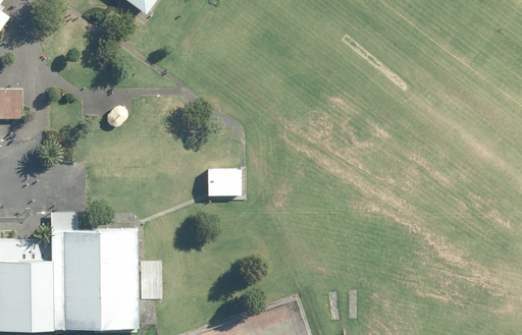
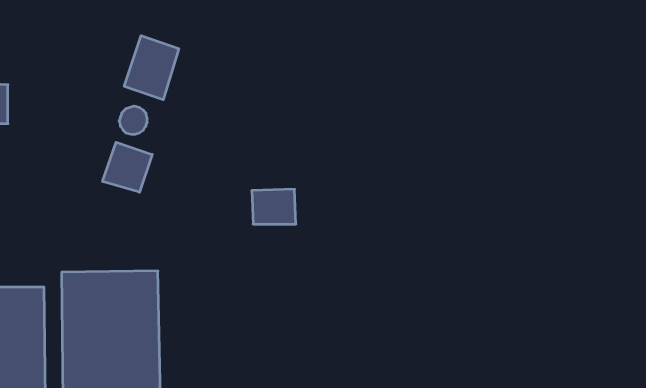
building: none -> [124,36,179,100]
building: none -> [103,142,152,192]

